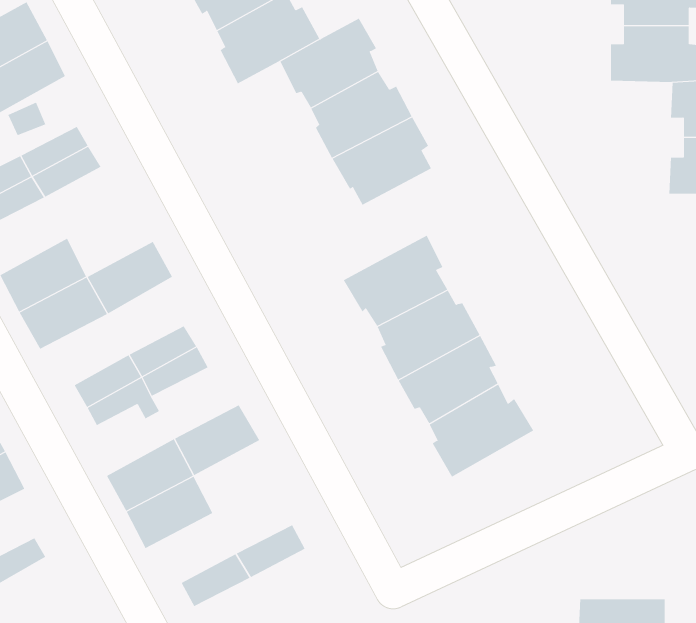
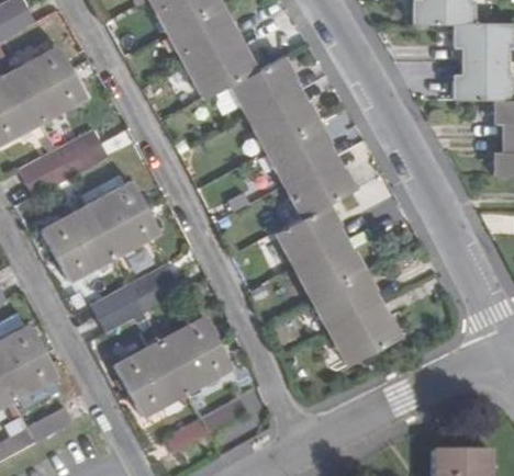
building: none -> [287,158,357,218]
building: none -> [87,182,145,231]
building: none -> [172,342,230,392]

